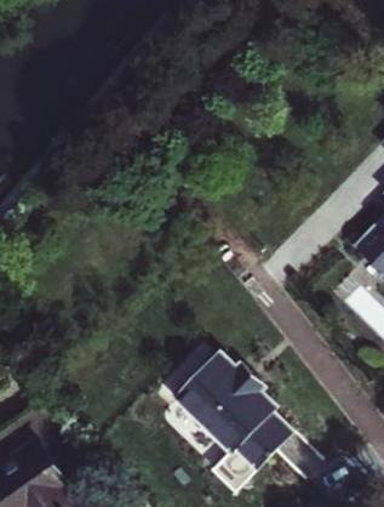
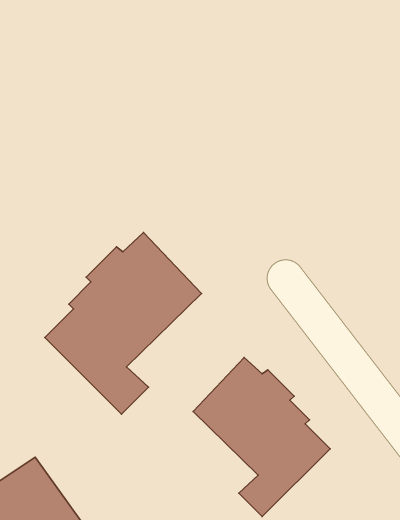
building: none -> [45,233,201,414]

